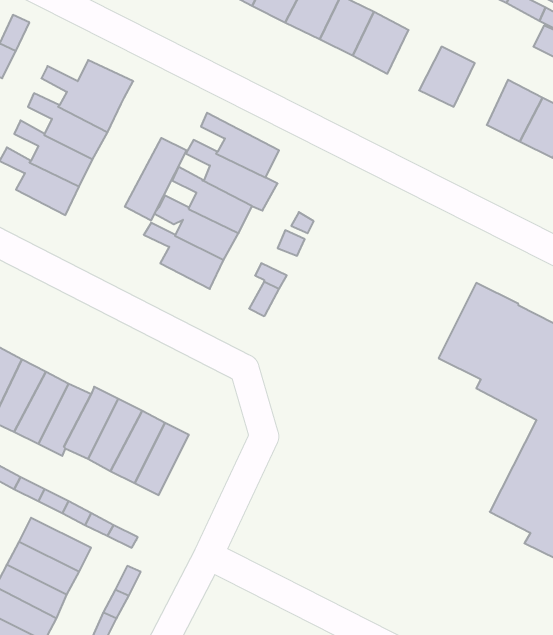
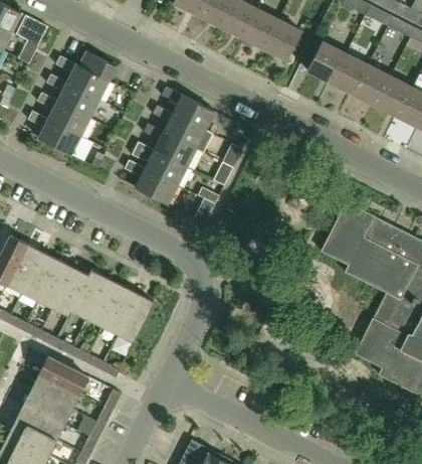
building: none -> [331,53,367,95]
building: [125,138,186,221] -> none

